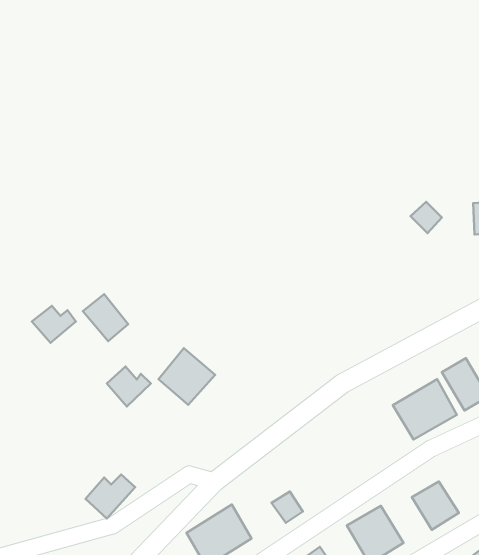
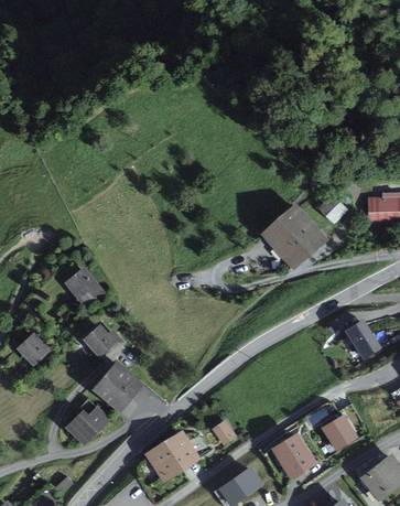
building: none -> [264,207,324,266]
building: [32,306,76,343] -> [18,335,52,364]
building: [158,348,215,405] -> [96,364,140,408]
building: [393,379,457,440] -> none

